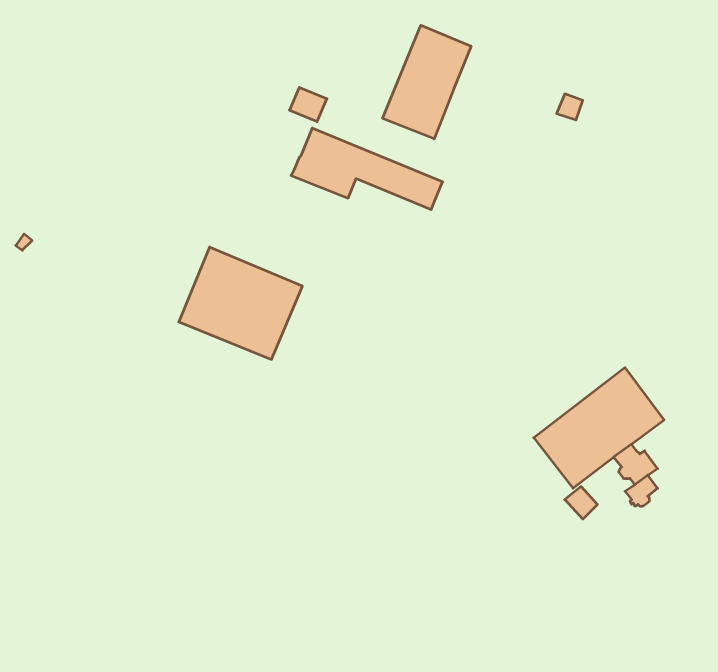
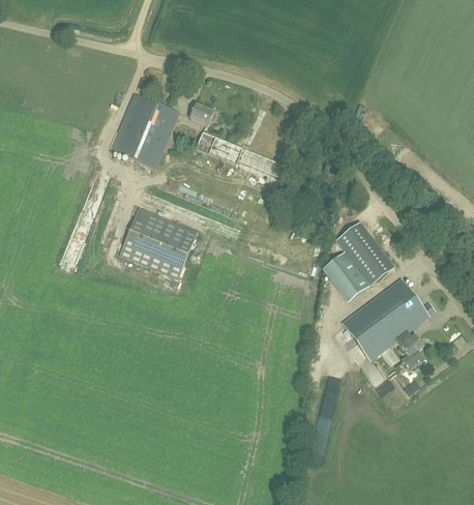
building: [383,25,471,139] -> none
building: none -> [111,90,179,166]
building: none -> [325,220,388,299]

